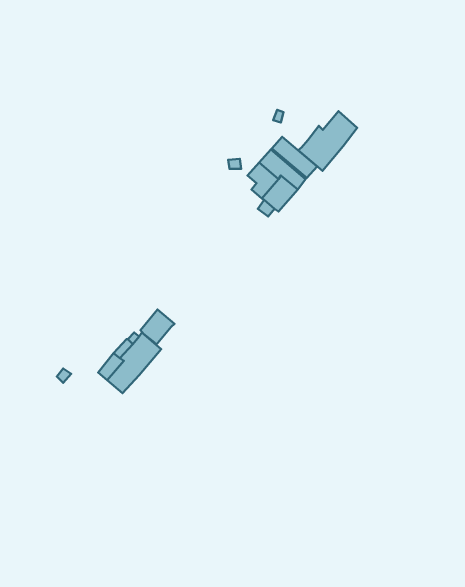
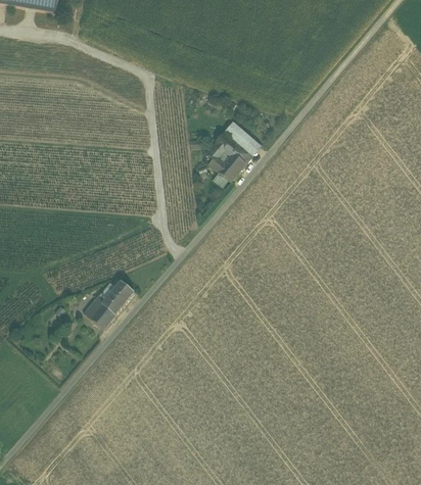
building: [298,111,357,171] -> none
building: [140,309,174,345] -> none

